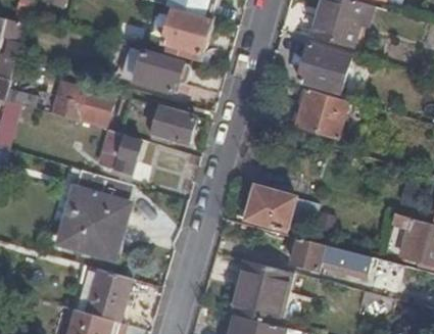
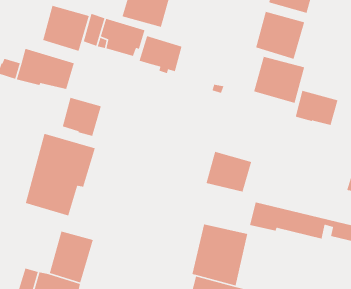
building: none -> [42,5,90,52]
building: [149,106,194,146] -> [138,35,182,74]
building: none -> [295,90,339,126]

